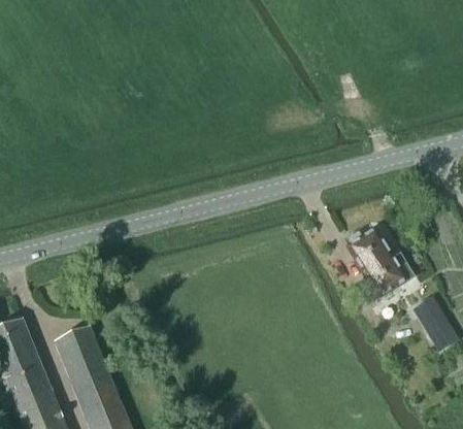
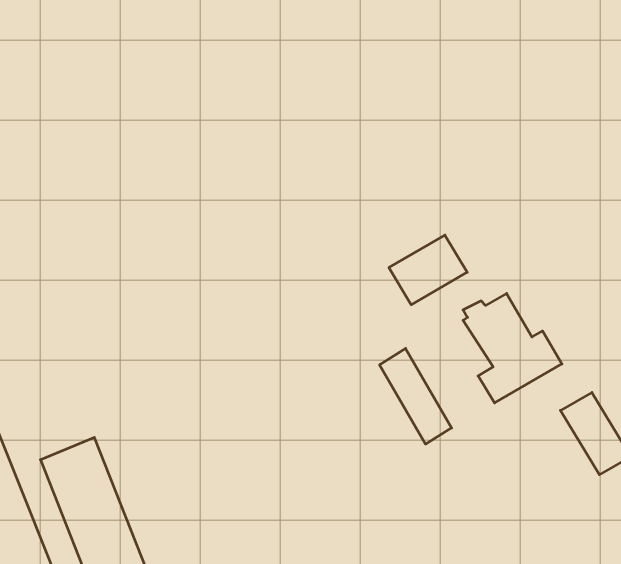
building: none -> [389,235,467,305]
building: none -> [380,348,452,444]

